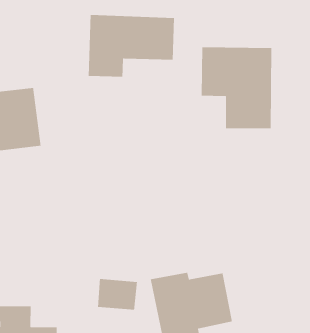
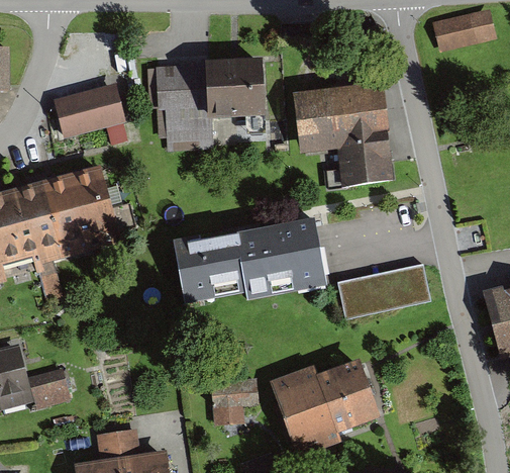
building: none -> [58,79,127,134]
building: none -> [173,219,325,305]
building: none -> [337,263,431,317]

